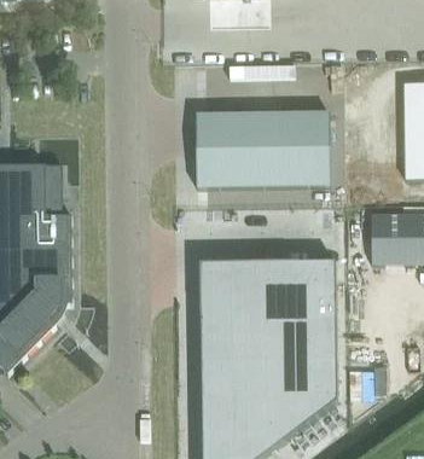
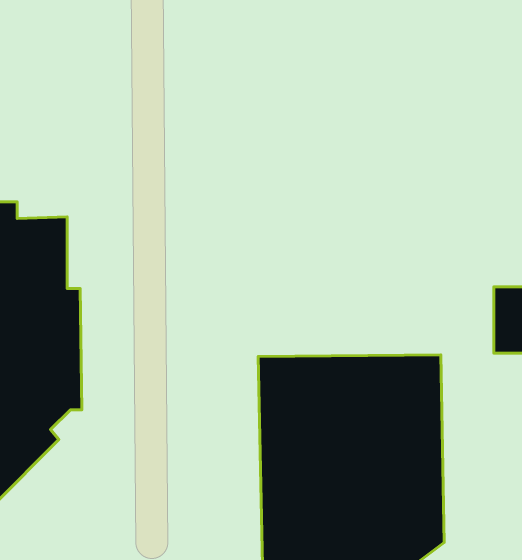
building: [196,112,330,186] -> none

